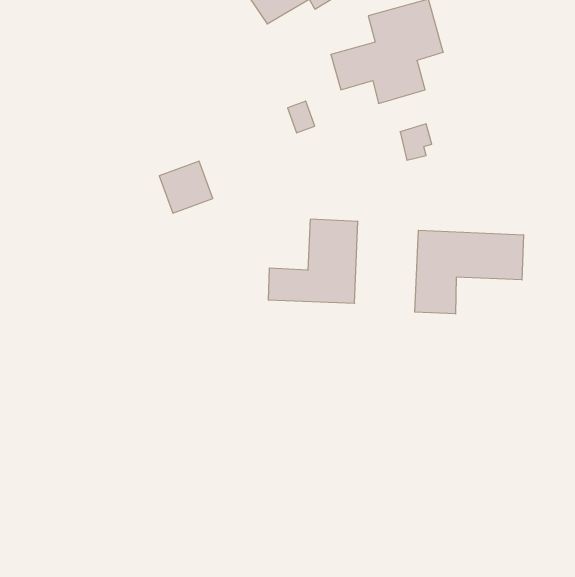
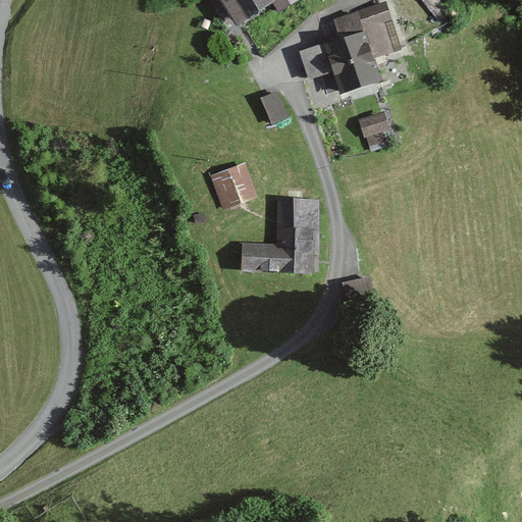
building: [159,161,213,213] -> [208,164,256,211]
building: [415,230,523,314] -> none

